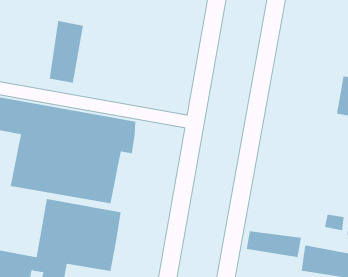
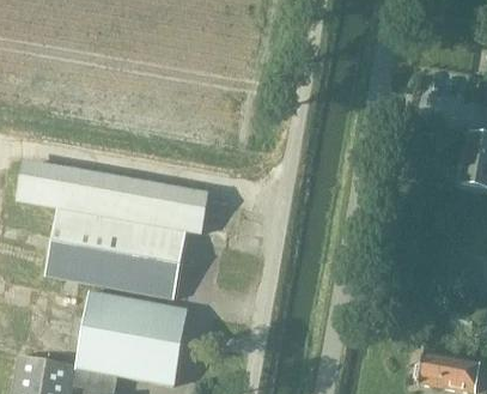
building: [49,20,83,83] -> none
building: [246,231,301,258] -> none

